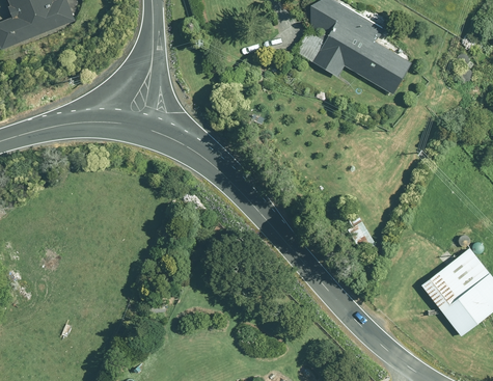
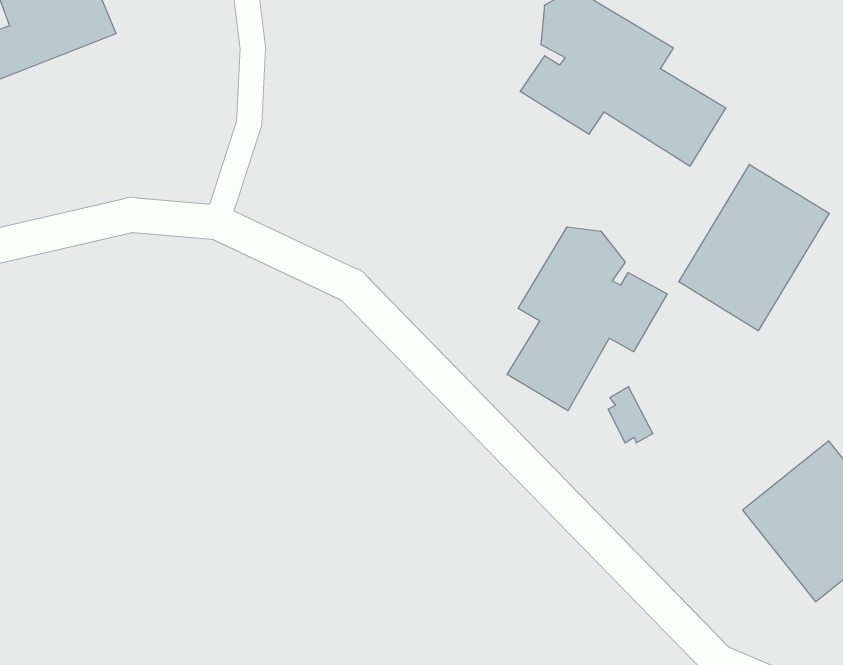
building: none -> [679,164,829,331]
building: none -> [507,227,667,411]

